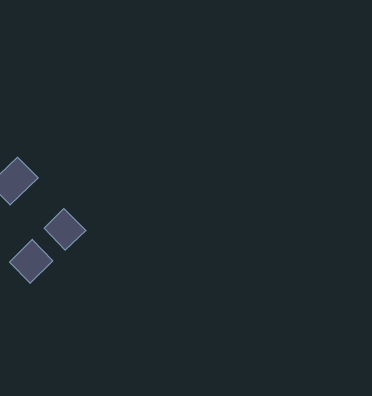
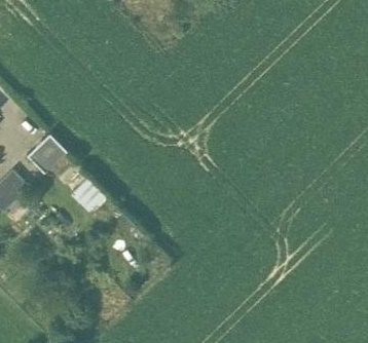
building: [10,239,53,283] -> none

